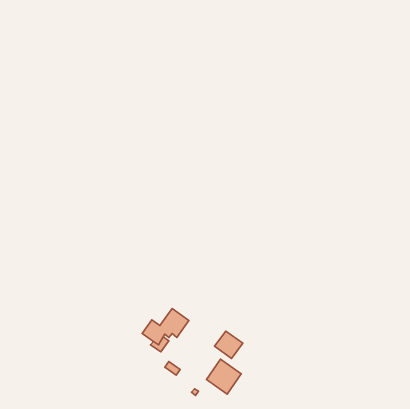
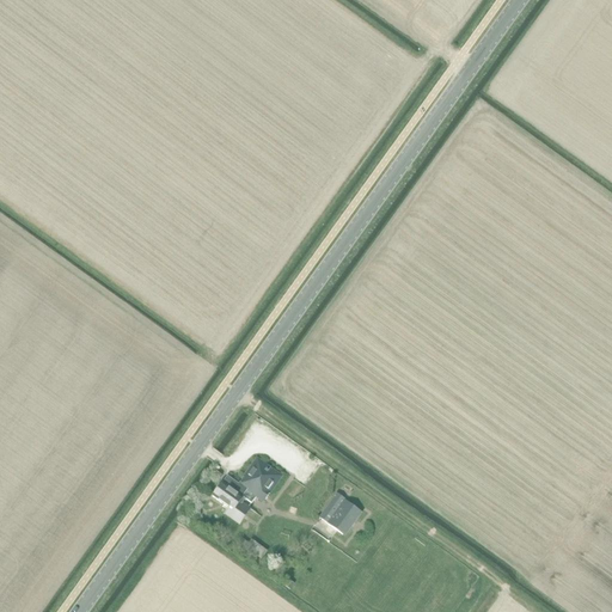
building: [207,359,241,394] -> none

